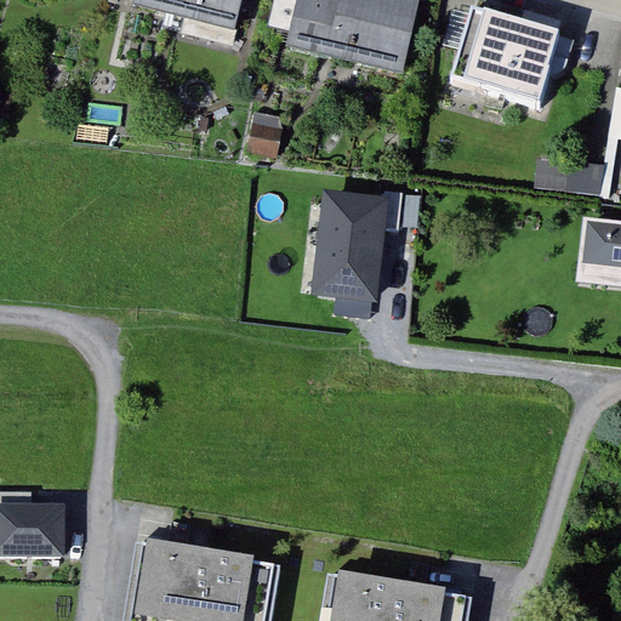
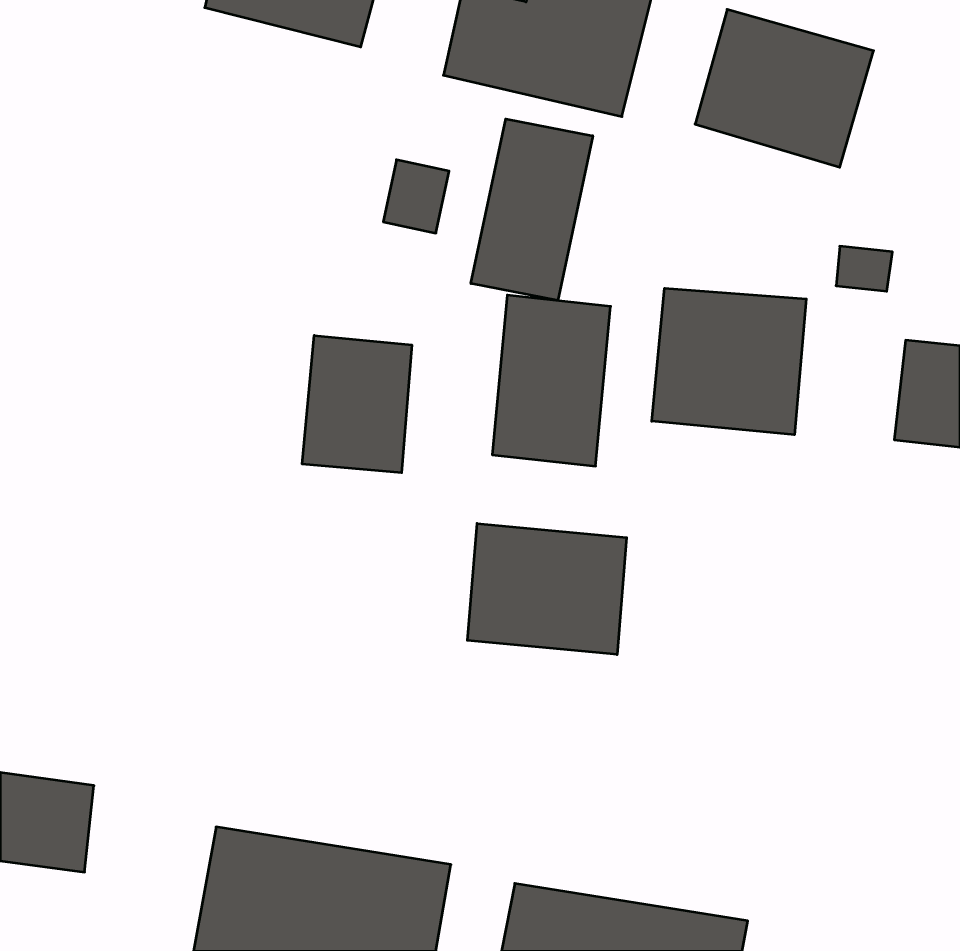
building: none -> [471,119,593,300]
building: none -> [652,288,806,435]
building: none -> [302,335,412,473]
building: none -> [467,523,627,655]

